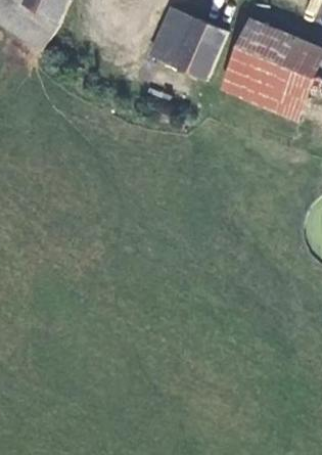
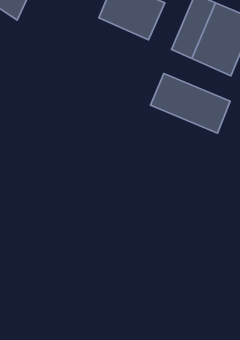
building: none -> [150,73,230,133]

